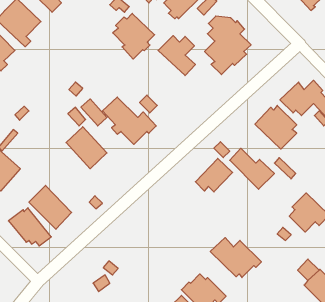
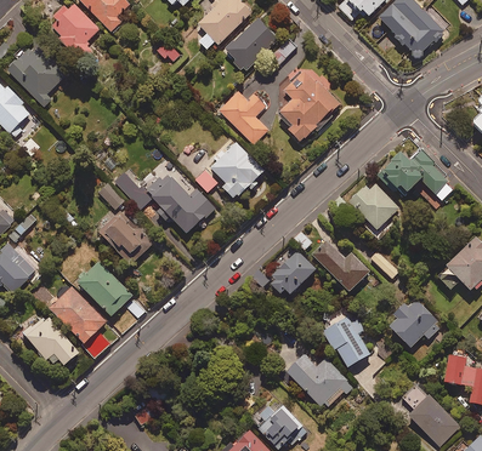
building: [113,13,155,59] -> [210,142,265,201]
building: none -> [73,261,132,315]
building: none -> [322,316,370,366]

